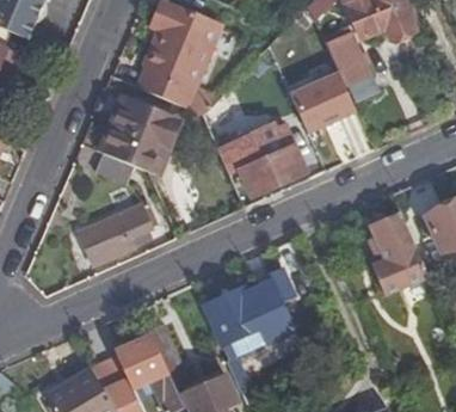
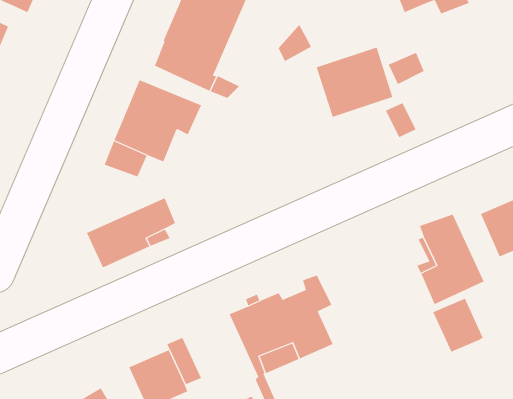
building: [327,32,371,84] -> none
building: [205,87,307,196] -> none
building: none -> [433,298,484,352]

